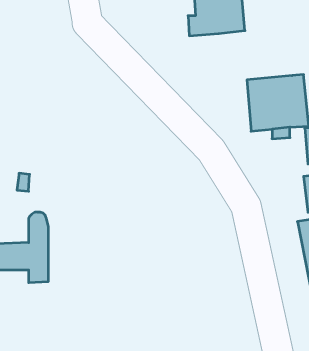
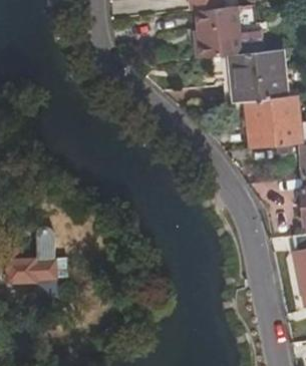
building: none -> [219,48,289,102]

